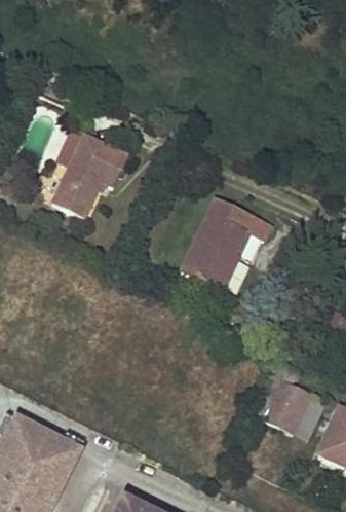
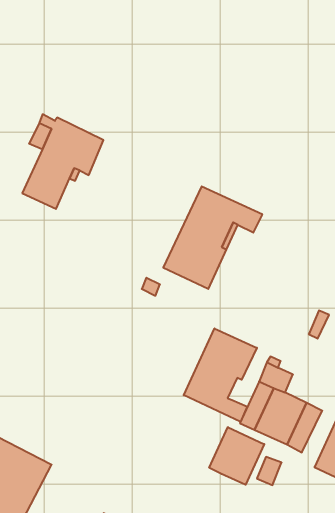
building: none -> [184,328,257,422]
building: none -> [209,427,264,485]

